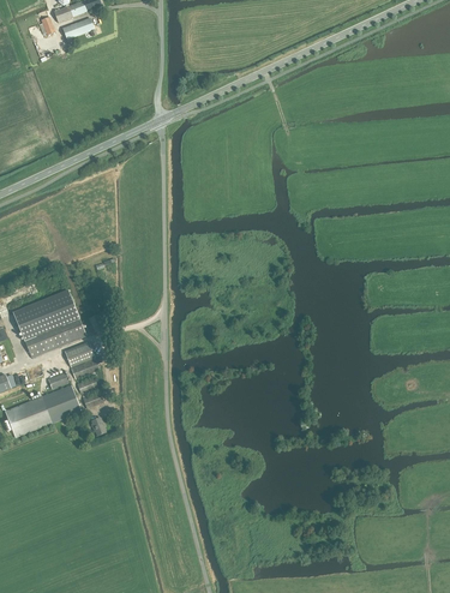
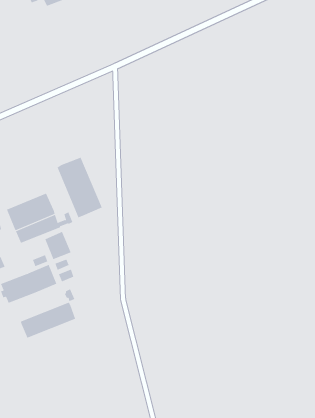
building: none -> [57,157,102,218]
building: none -> [20,302,76,339]

